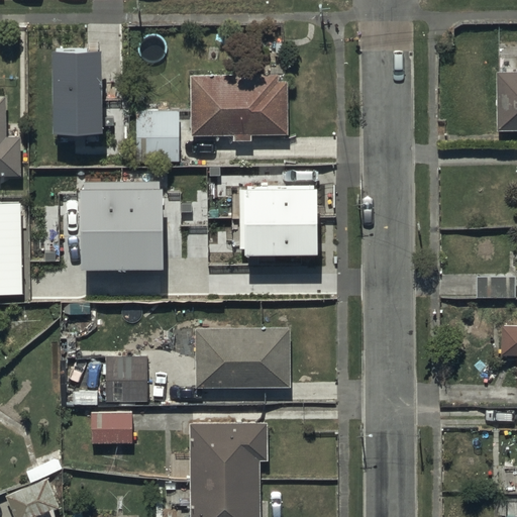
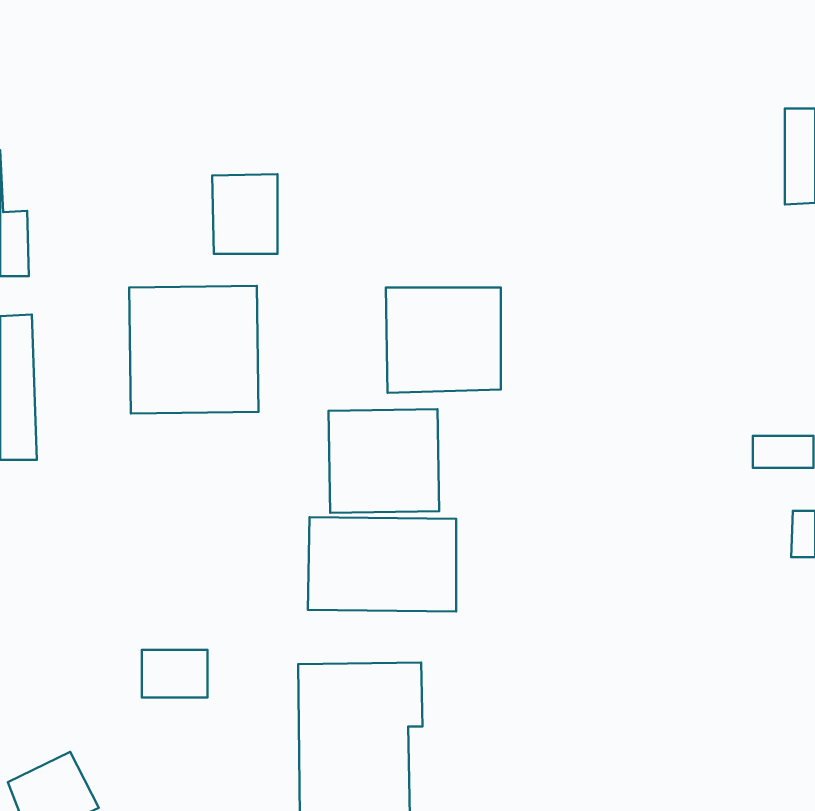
building: [53,45,104,128] -> none
building: [189,56,288,141] -> none
building: none -> [329,409,439,513]
building: [104,358,145,403] -> none

